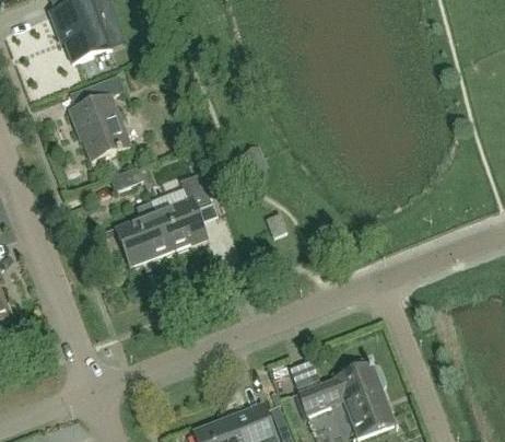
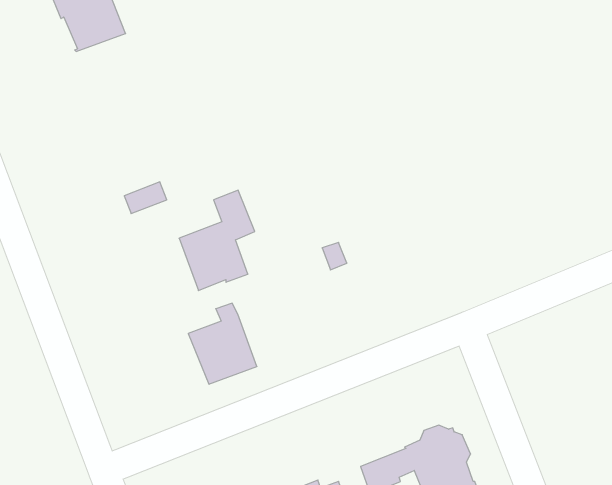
building: [69,75,129,161] -> none
building: [114,202,168,267] -> [188,303,257,384]

